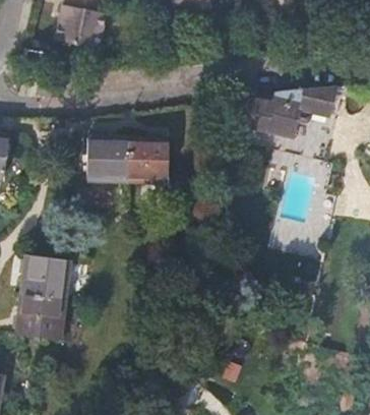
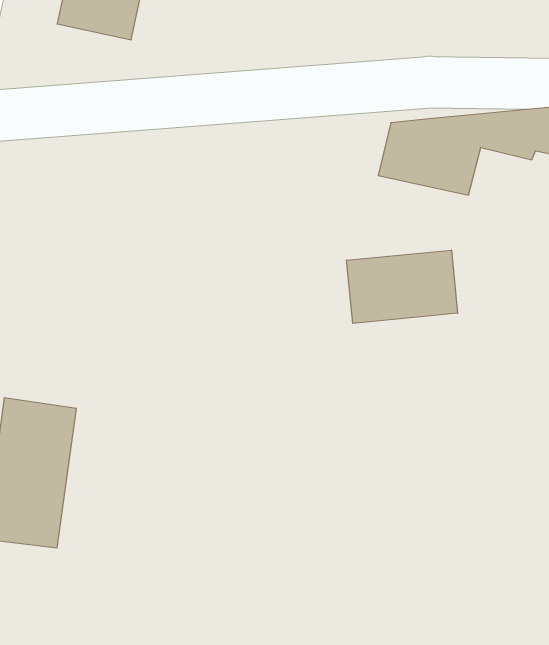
building: [87,136,168,184] -> none
building: none -> [347,250,458,323]

